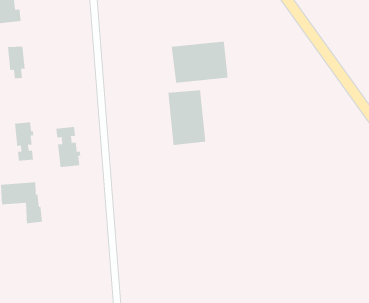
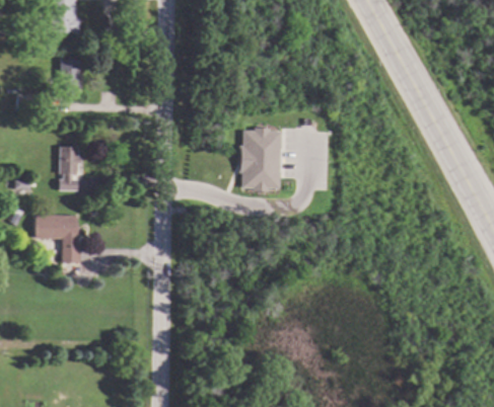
building: [171,41,228,84] -> none
building: [56,126,81,168] -> none

